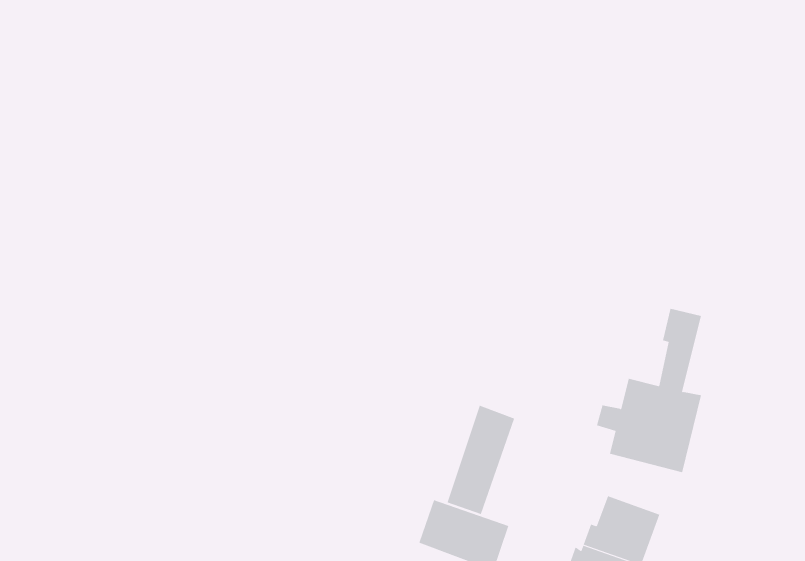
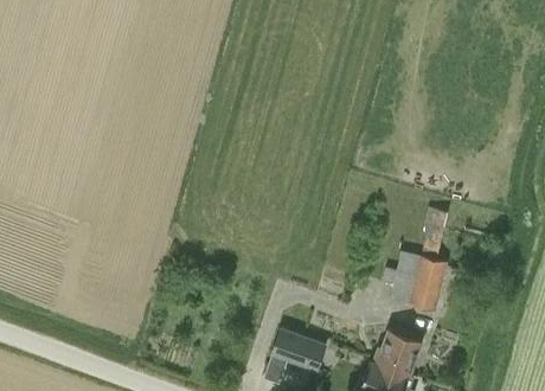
building: [447,405,515,515] -> none

